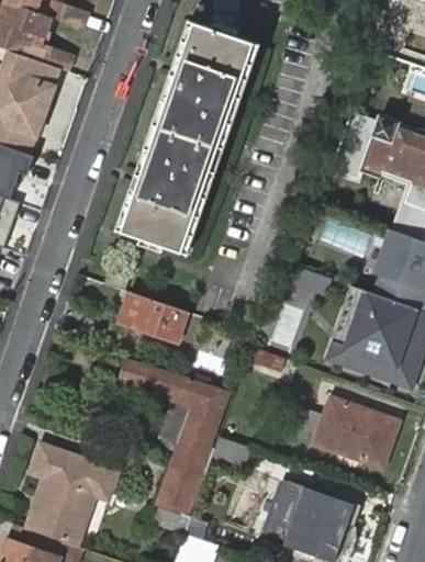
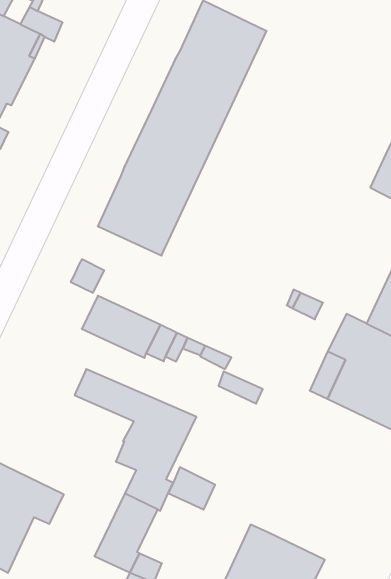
building: [299,398,398,468] -> none

